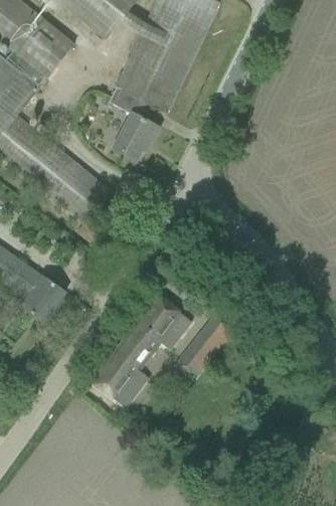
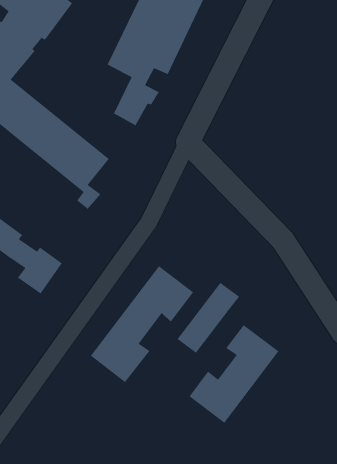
building: none -> [188,324,279,424]

